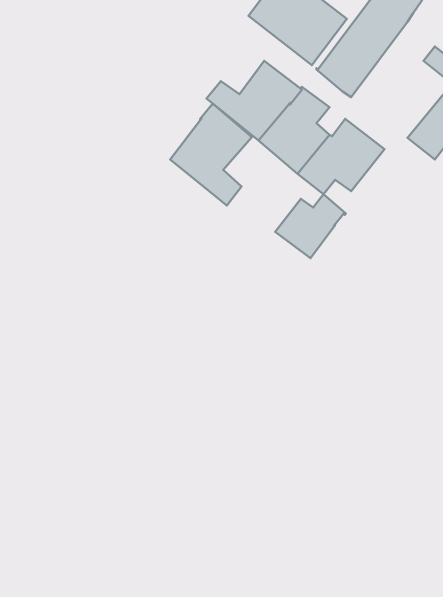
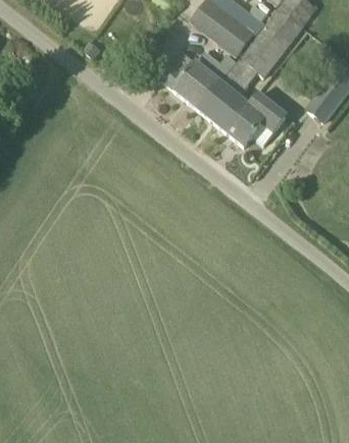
building: [170,104,252,205] -> none
building: [275,194,346,258] -> none

